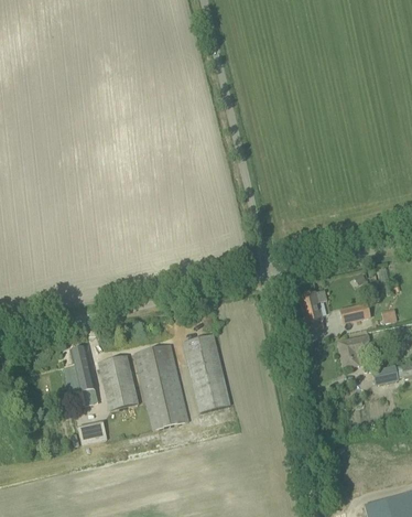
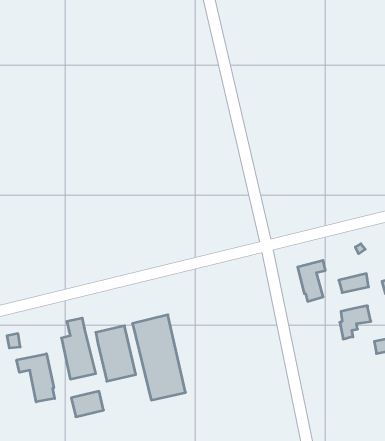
building: [183,334,229,411] -> none
building: none -> [17,354,55,402]

